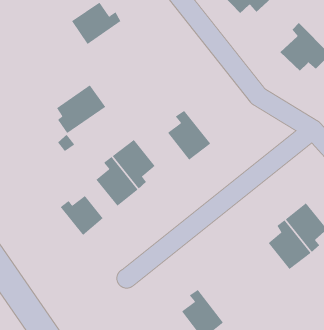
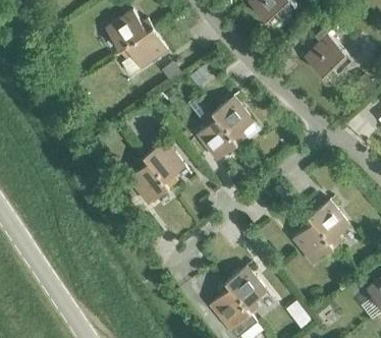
building: [56,84,106,134] -> [119,27,167,74]
building: none -> [212,96,253,144]
building: [60,195,104,236] -> none
building: none -> [225,266,266,314]

